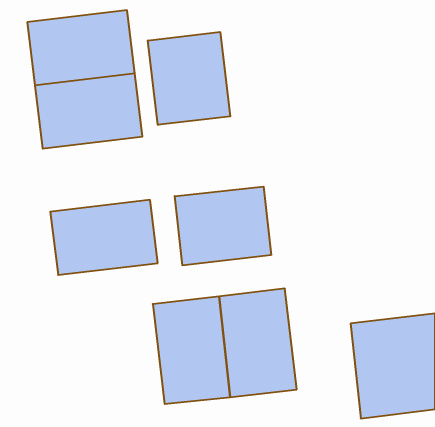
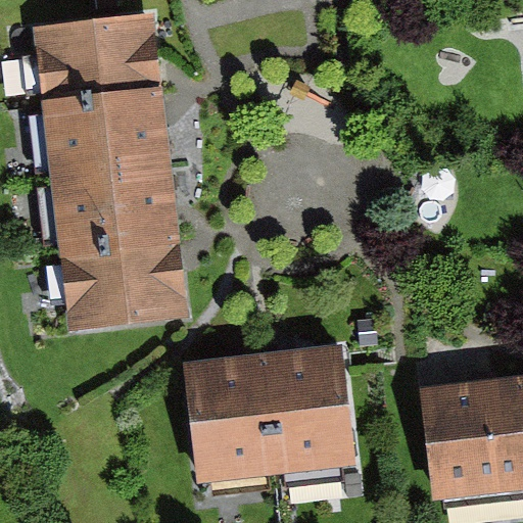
building: [148,32,230,125] -> none
building: none -> [51,163,180,253]
building: [175,187,271,265] -> none

